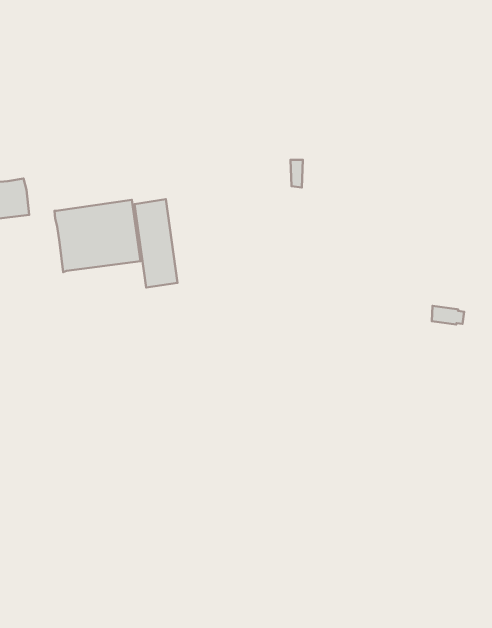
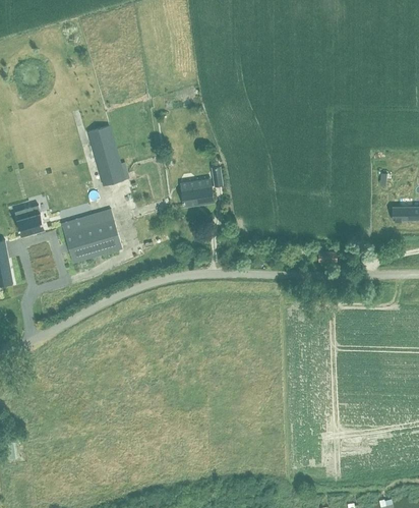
building: none -> [182,186,214,206]
building: [134,199,178,288] -> [88,125,124,185]

